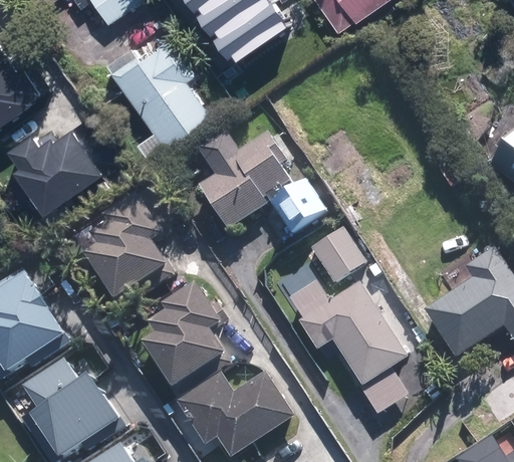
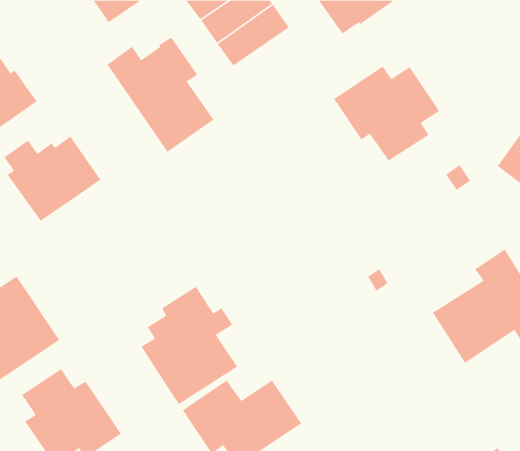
building: none -> [333,66,440,162]
building: [197,130,325,234] -> none
building: [82,192,177,307] -> none
building: [310,227,365,284] -> none
building: [290,278,409,411] -> none

